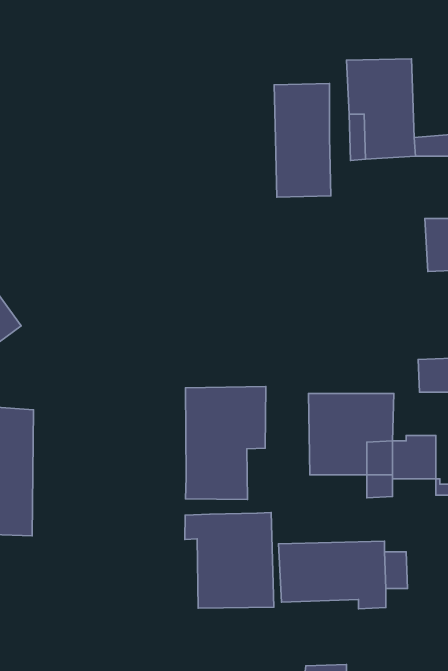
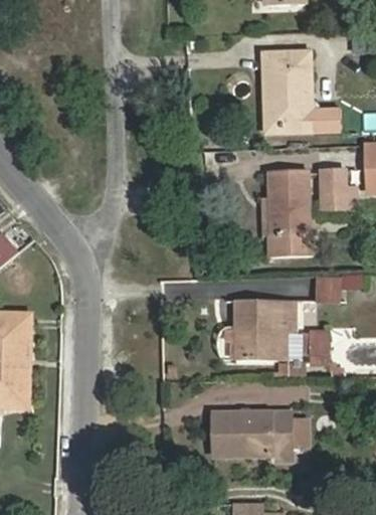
building: [274,83,331,197] -> [266,171,309,255]
building: [185,386,266,500] -> none
building: [185,513,274,608] -> none

